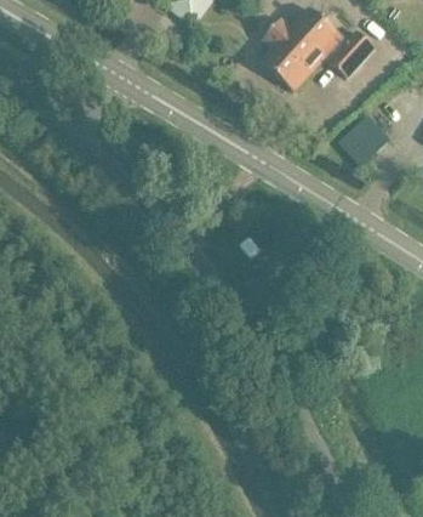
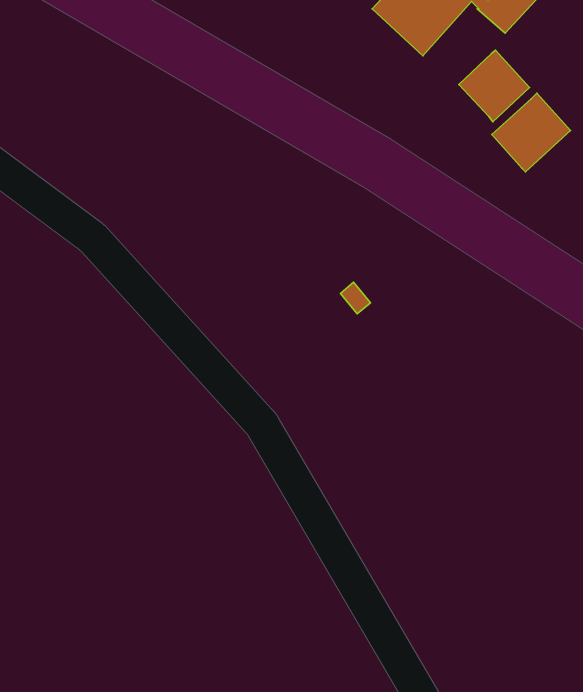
building: none -> [459,50,530,122]

